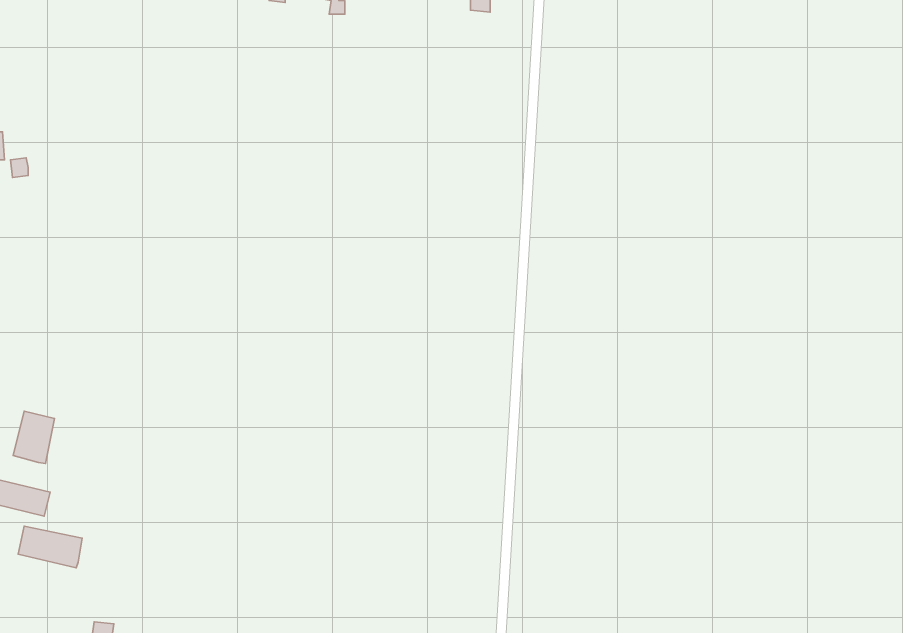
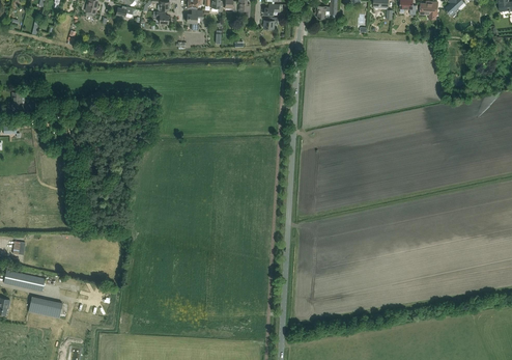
building: [13,411,54,464] -> none

